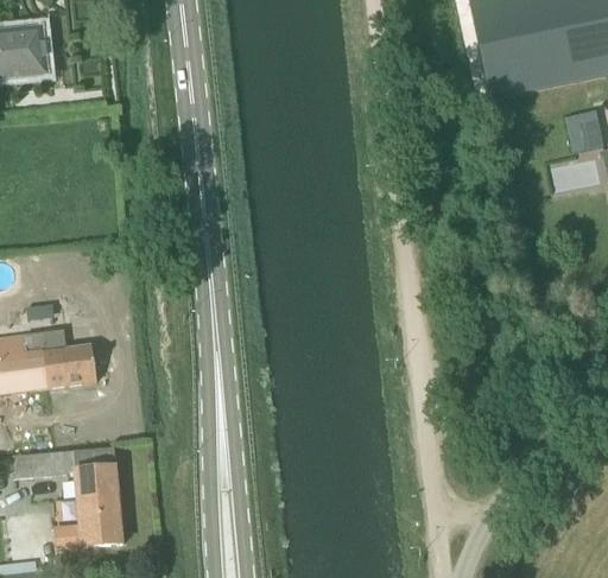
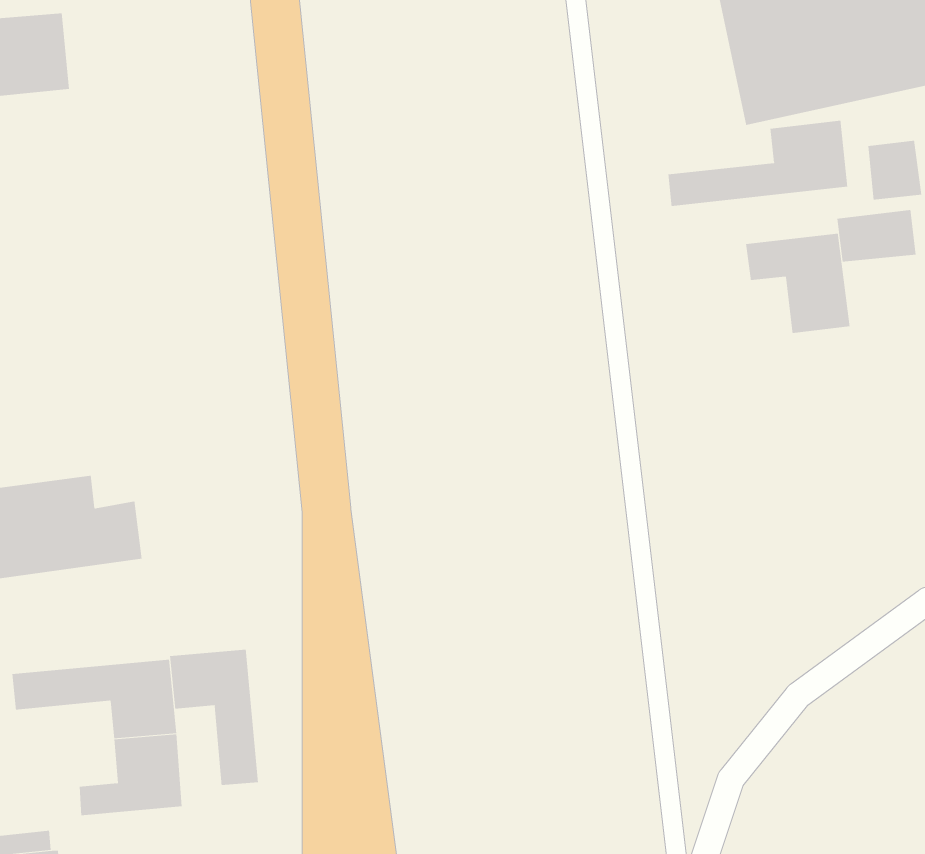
building: none -> [668,120,848,207]
building: none -> [745,233,850,334]
building: none -> [170,649,259,786]

